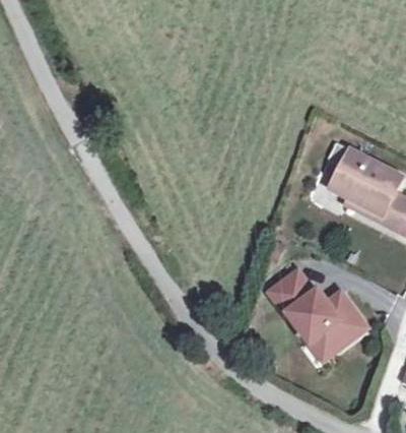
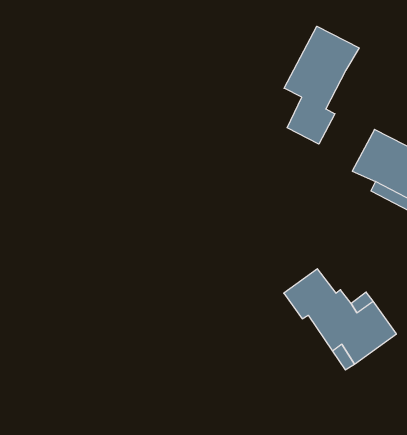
building: none -> [284,26,359,144]

